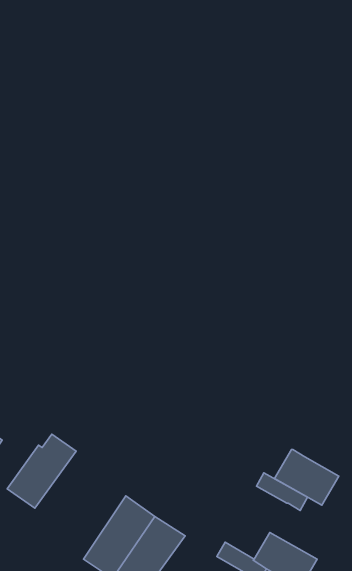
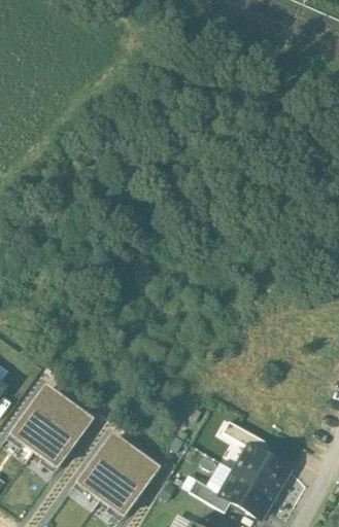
building: [275,449,339,505] -> [234,446,289,493]
building: none -> [34,401,89,467]

